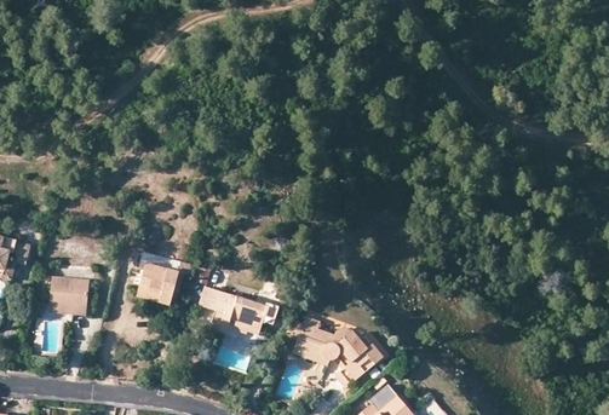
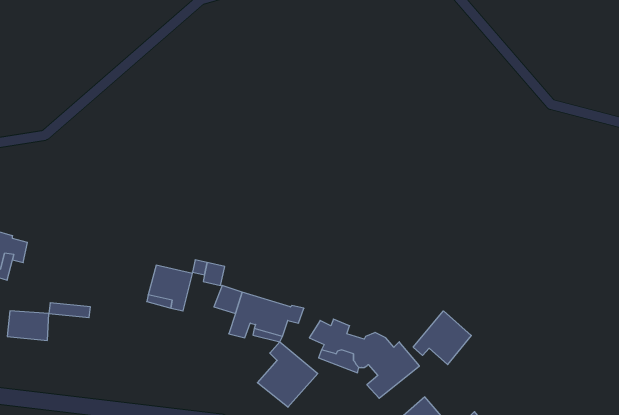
building: [50,277,87,304] -> [7,311,49,340]
building: none -> [413,311,471,365]
building: none -> [257,342,318,407]

